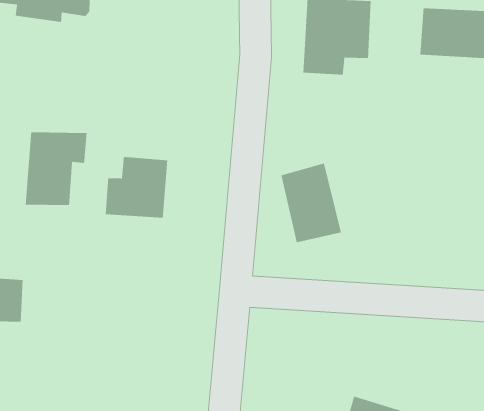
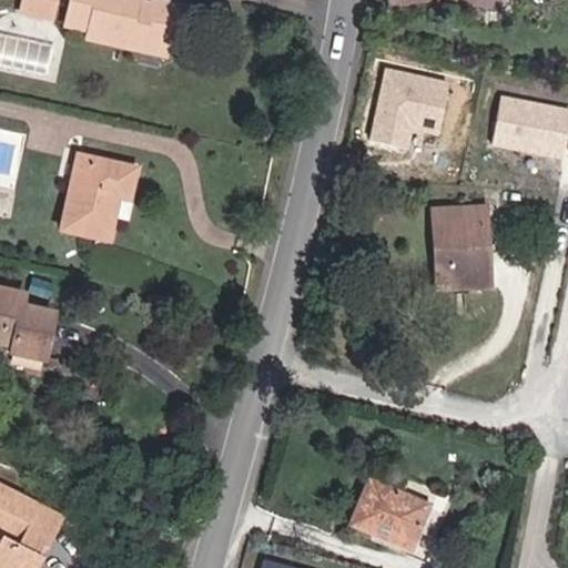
building: [105,156,168,219] -> none
building: [280,163,342,243] -> [434,212,488,291]

